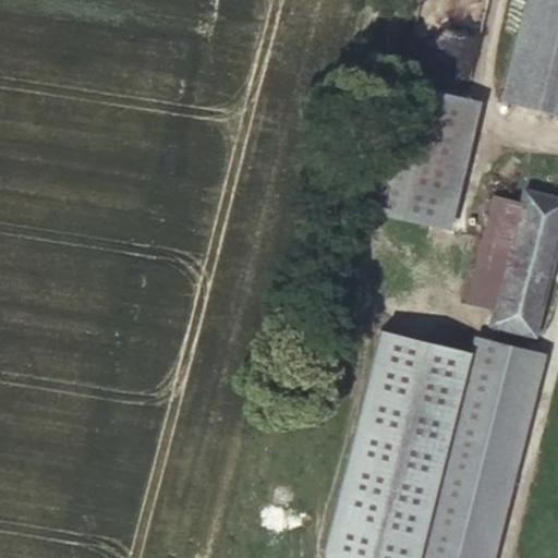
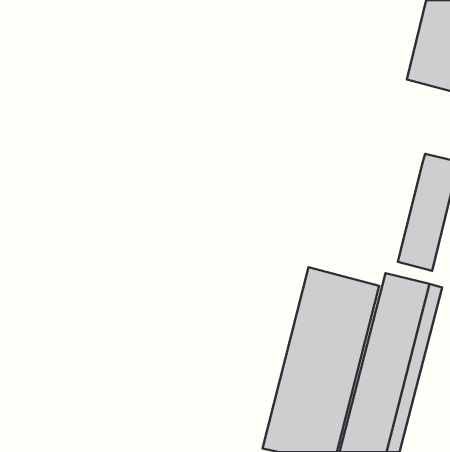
building: [378,96,480,236] -> none
building: [466,194,523,310] -> none

